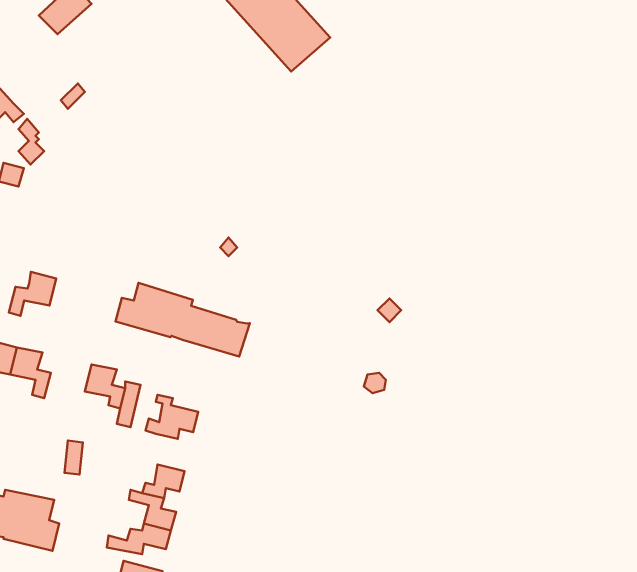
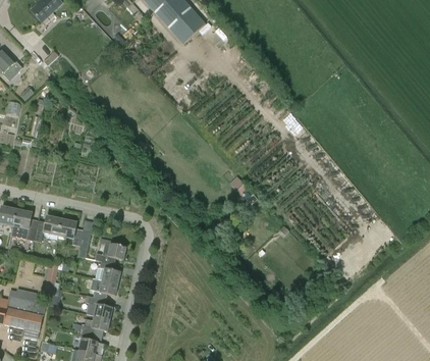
building: [9,272,56,316] -> [34,216,62,243]
building: [115,283,250,356] -> none
building: none -> [95,262,121,285]

